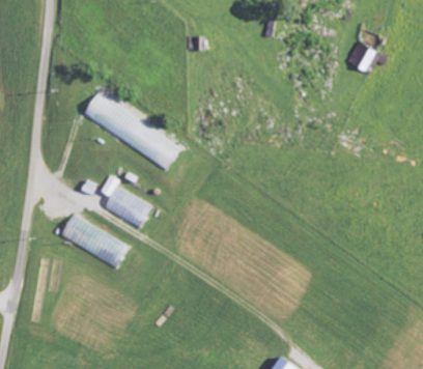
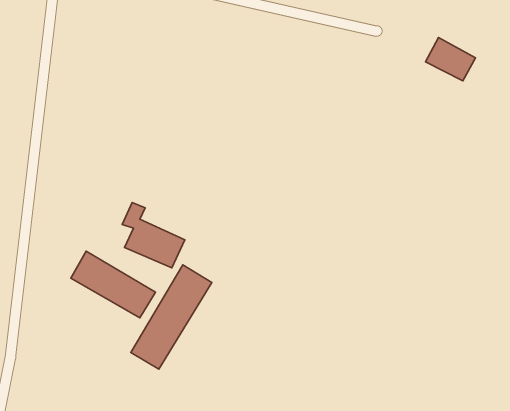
building: [85,92,181,168] -> none
building: none -> [131,265,212,369]

